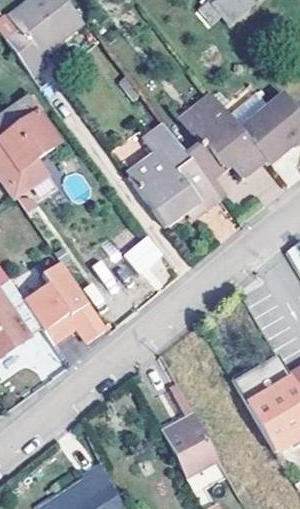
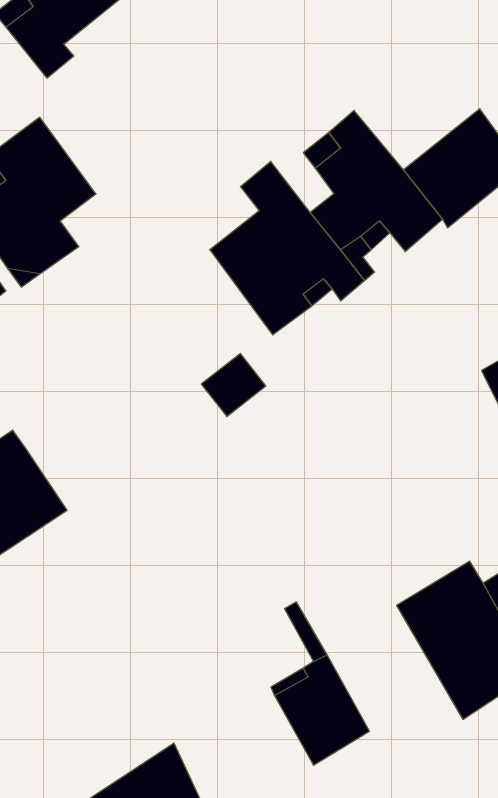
building: [18,262,106,342] -> none

